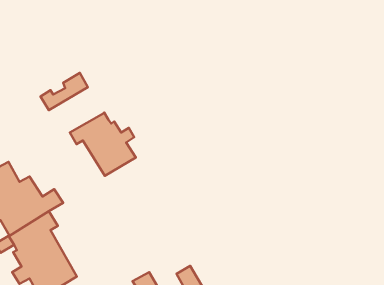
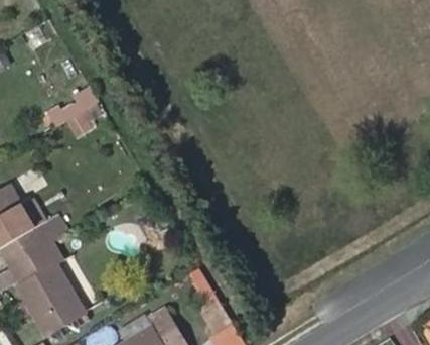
building: [70,113,136,176] -> none

